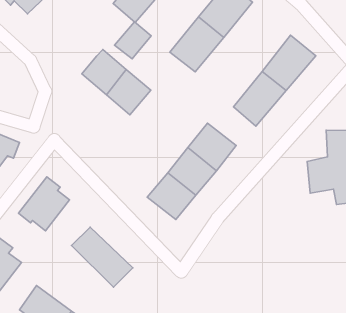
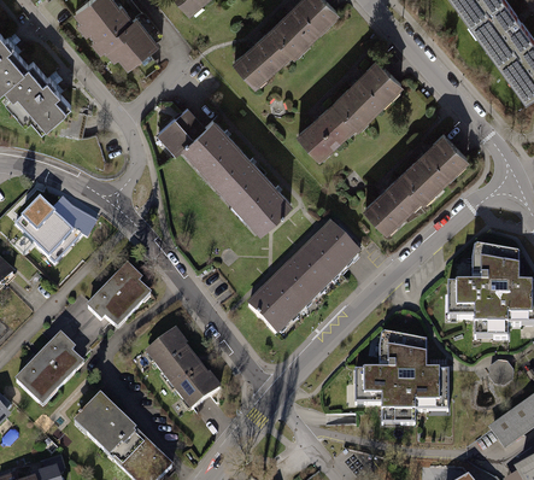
building: [114,22,151,59] -> [159,106,205,151]
building: none -> [236,175,291,229]
building: none -> [356,336,453,429]

